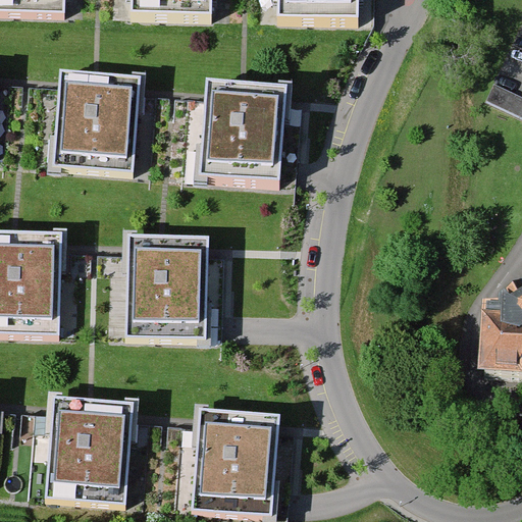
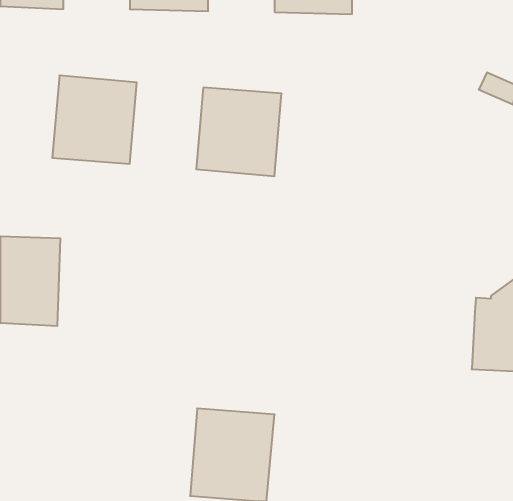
building: [127,243,208,332] -> none
building: [47,403,133,498] -> none

